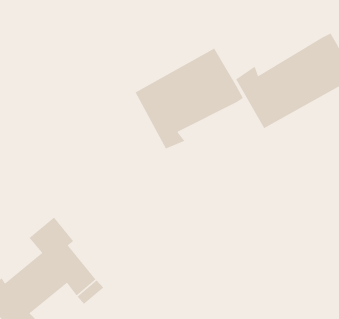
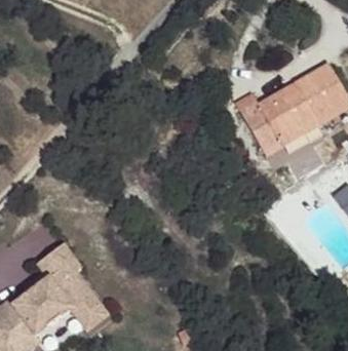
building: [134,48,244,149] -> none

